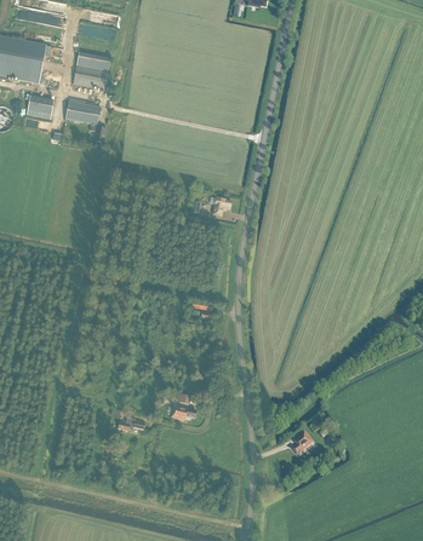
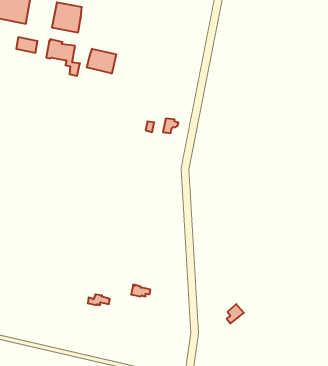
building: none -> [87,49,116,74]

